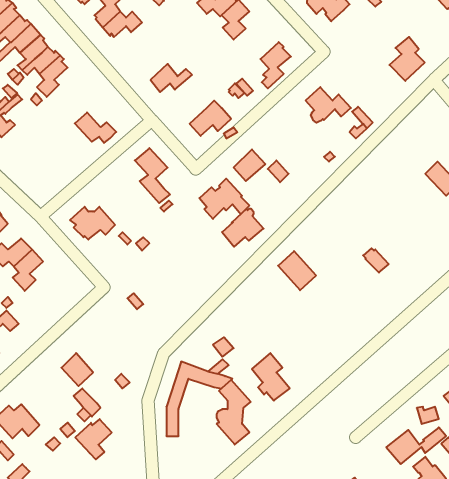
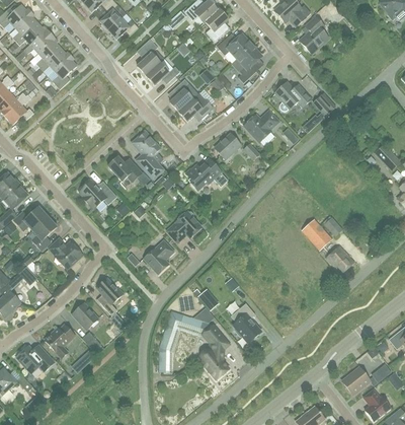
building: none -> [217,32,252,57]
building: none -> [137,38,160,74]
building: [389,37,425,81] -> [300,15,329,52]
building: none -> [169,77,193,111]
building: [75,112,116,143] -> [107,155,142,181]
building: none -> [244,110,278,141]
building: [222,209,264,247] -> [167,210,201,241]
building: [278,251,316,290] -> [301,217,332,250]
building: none -> [49,237,82,268]
building: none -> [144,239,174,273]
building: none -> [326,244,353,272]
building: none -> [96,277,124,314]
building: [75,419,112,459] -> [45,324,75,357]

